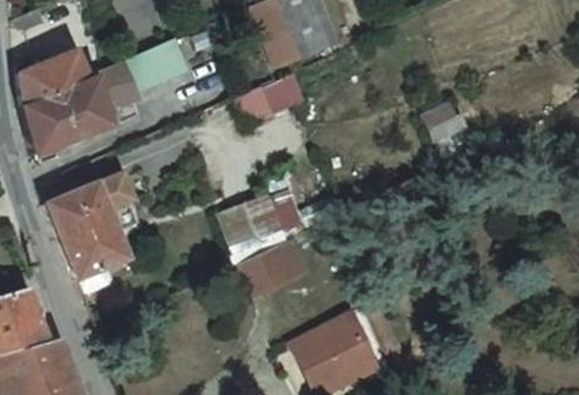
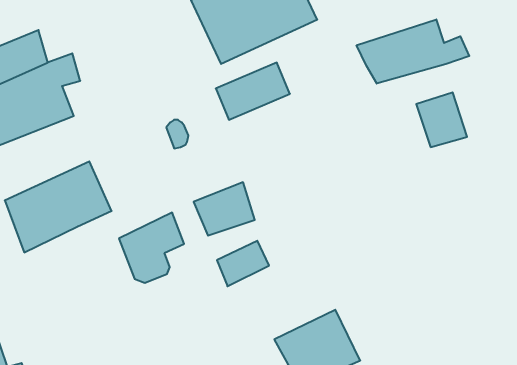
building: none -> [357,19,469,84]
building: [125,37,192,92] -> none
building: [66,228,127,294] -> [119,213,184,283]

